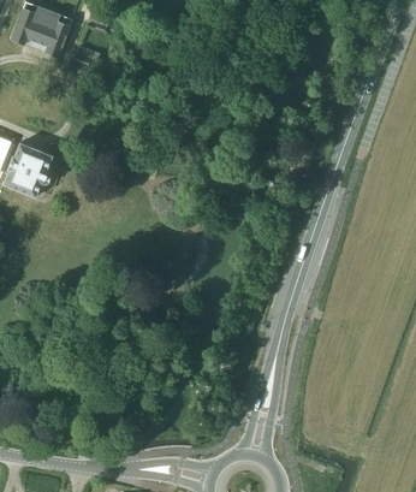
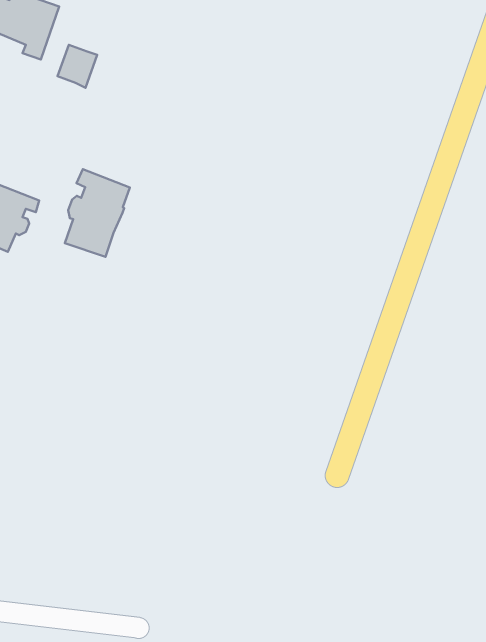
building: none -> [65,169,130,257]

